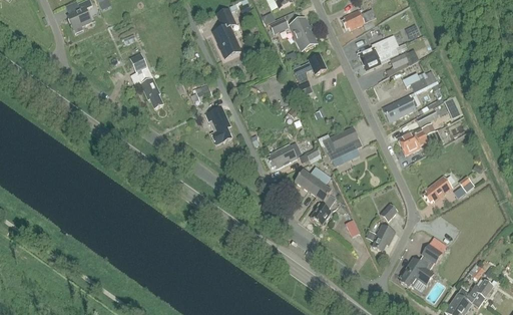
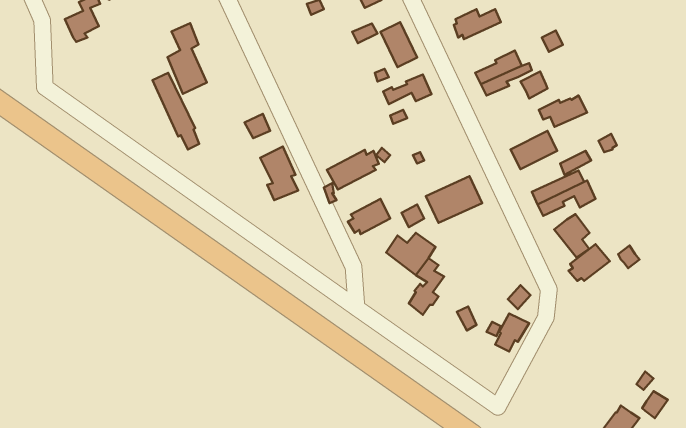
building: [213,8,241,58] -> [167,23,207,94]
building: none -> [327,150,379,190]
building: none -> [554,214,590,258]
building: [400,245,442,287] -> none

